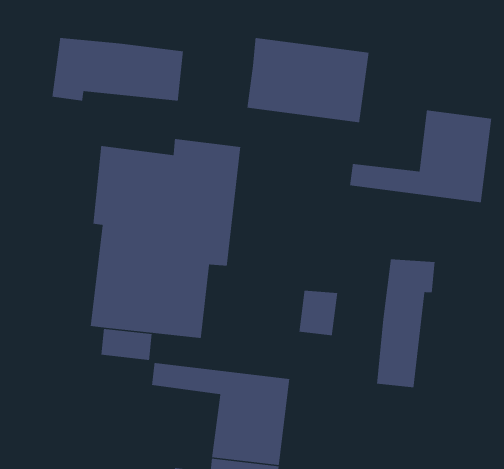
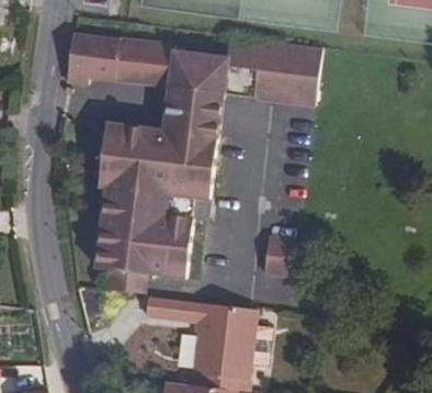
building: none -> [163,52,226,123]
building: [349,110,492,203] -> none
building: [376,258,436,388] -> none

